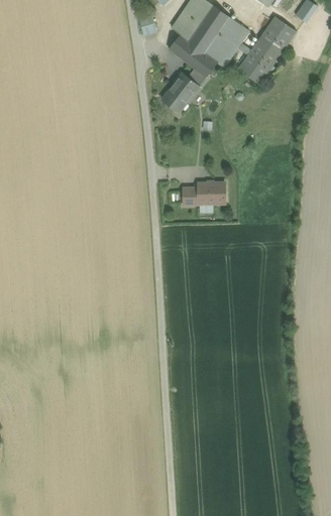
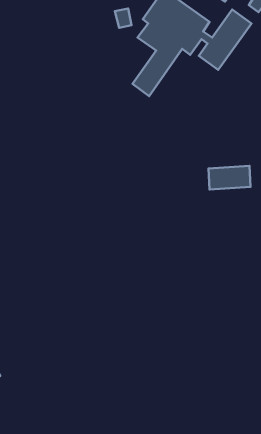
building: [178,179,226,207] -> [209,166,251,190]

